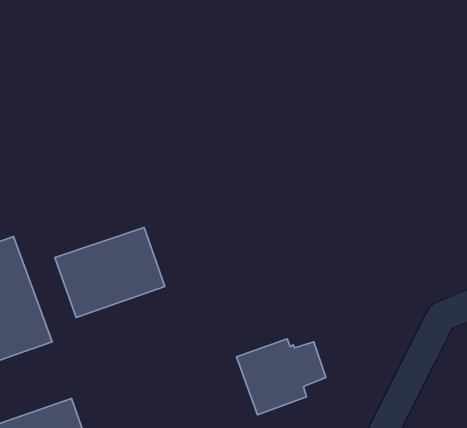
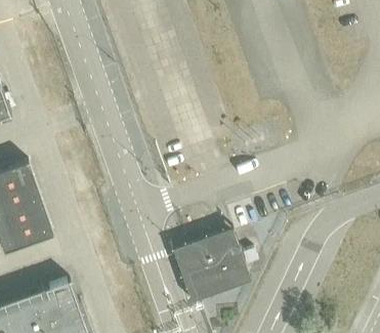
building: [55,227,165,318] -> none

